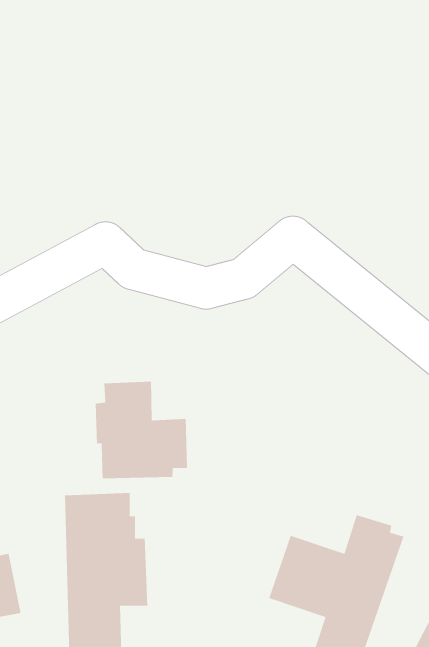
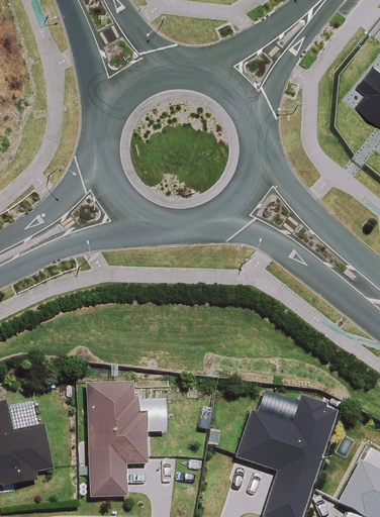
building: [95,381,188,479] -> none

